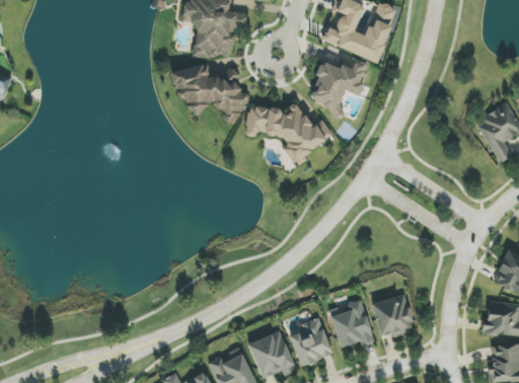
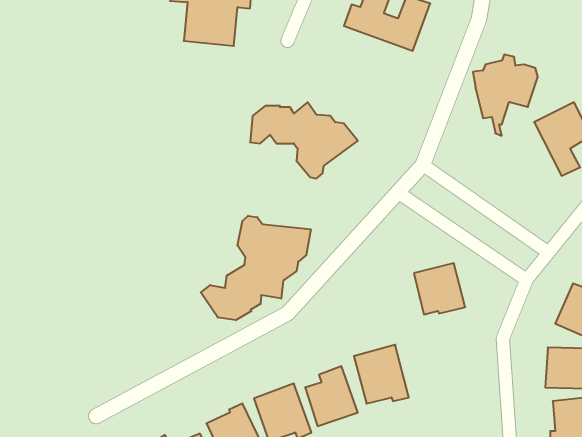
building: [314,52,367,118] -> [473,54,538,136]
building: [169,63,247,121] -> none
building: none -> [201,216,311,320]
building: [372,294,414,335] -> [414,263,465,315]

